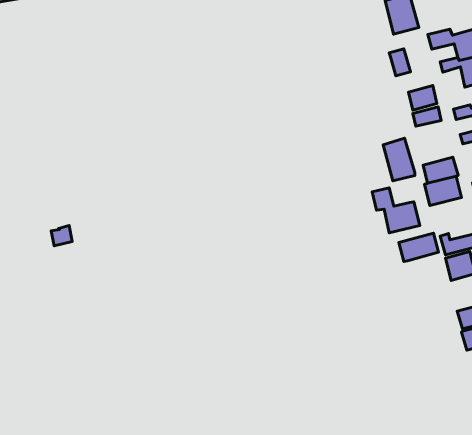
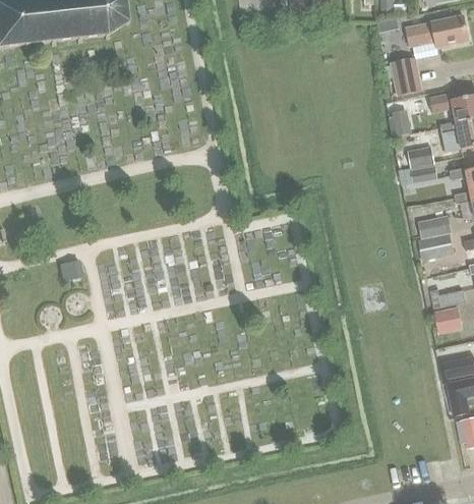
building: [383,138,415,181] -> none
building: [372,188,420,233] -> none
building: [399,233,438,261] -> none

